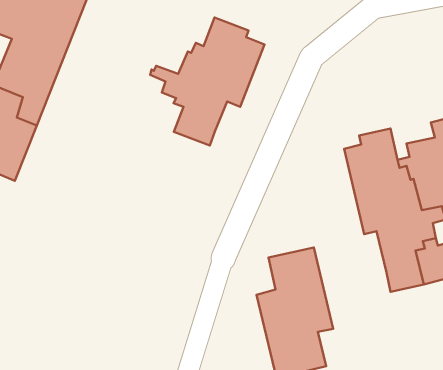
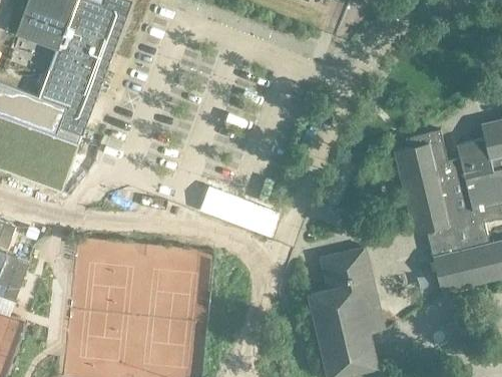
building: [150,17,265,146] -> none
building: none -> [200,187,275,235]

